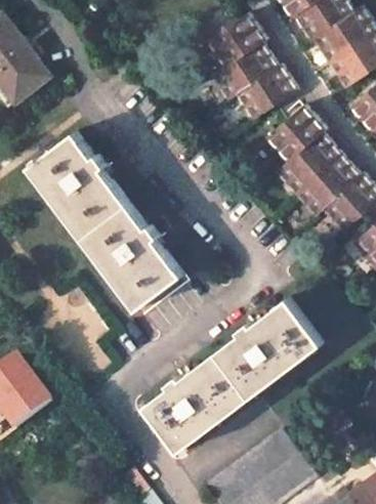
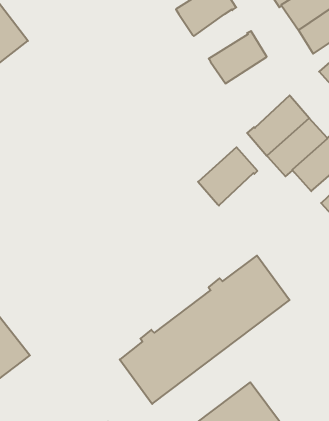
building: [213,42,279,99] -> none
building: [264,104,326,165] -> [198,147,257,206]
building: [30,132,182,308] -> none

